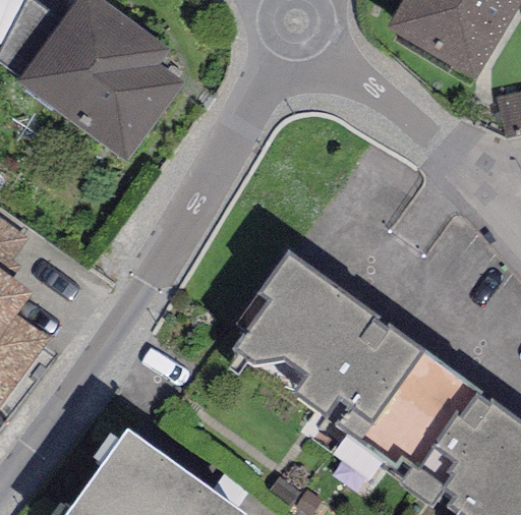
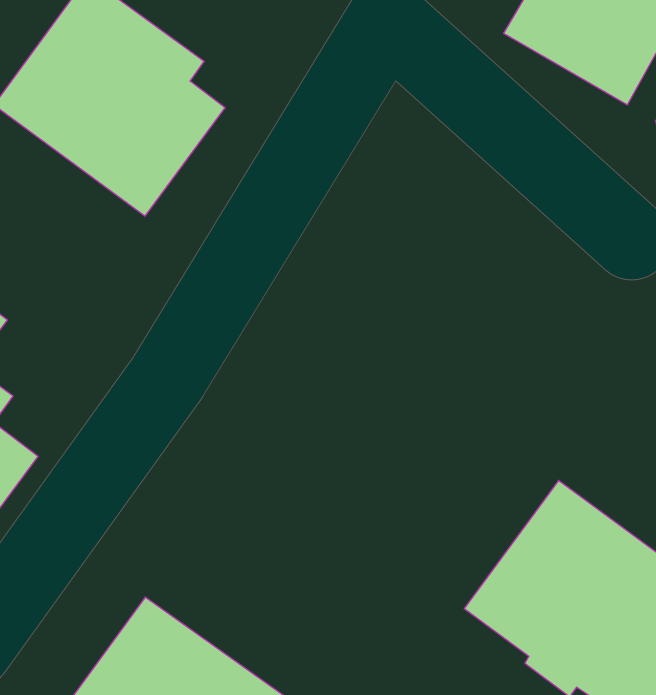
building: [234,253,425,444] -> none

